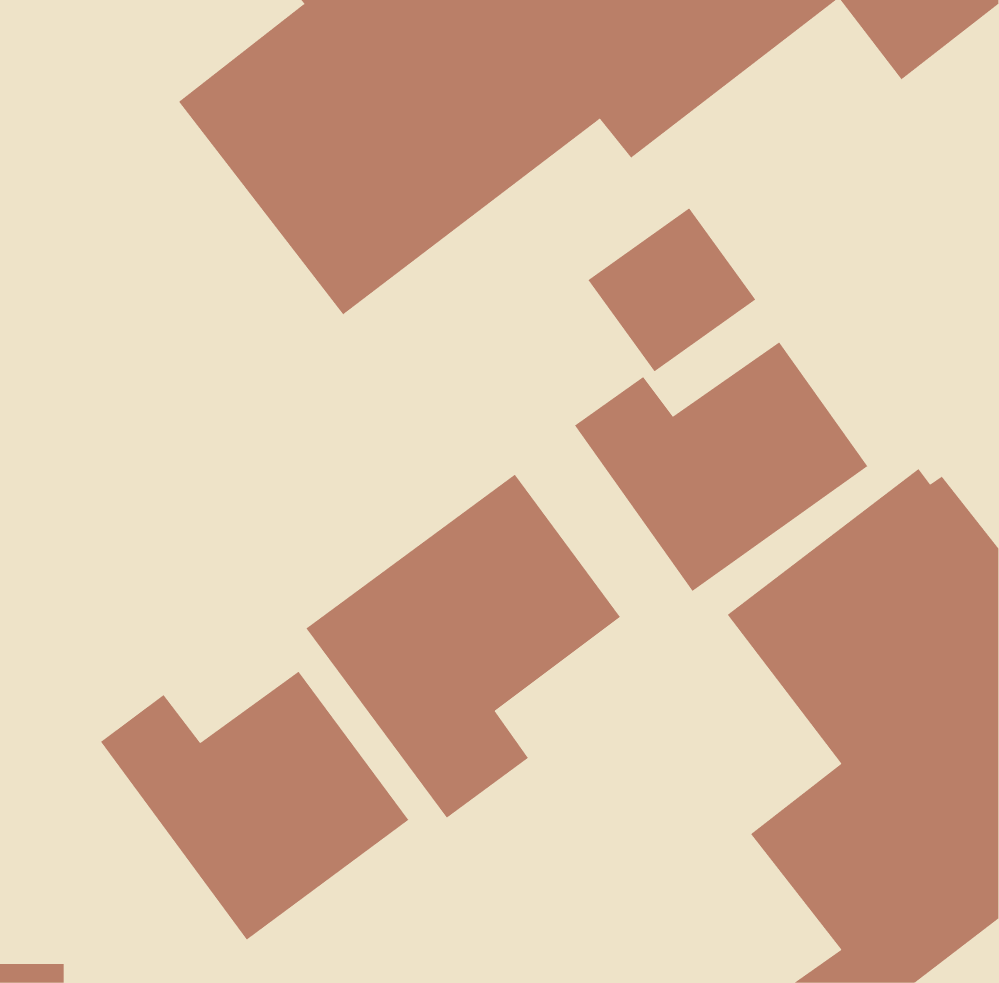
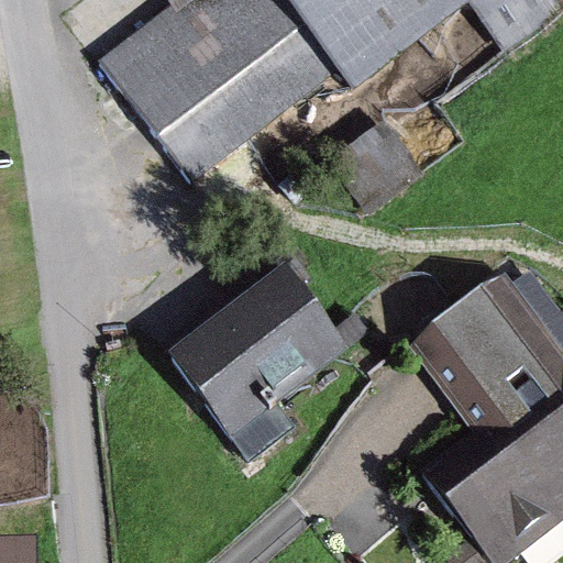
building: [574,341,868,592] -> none
building: [100,671,409,940] -> none

